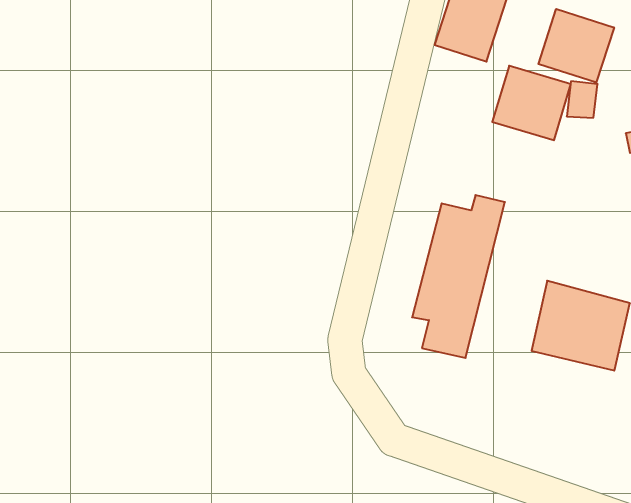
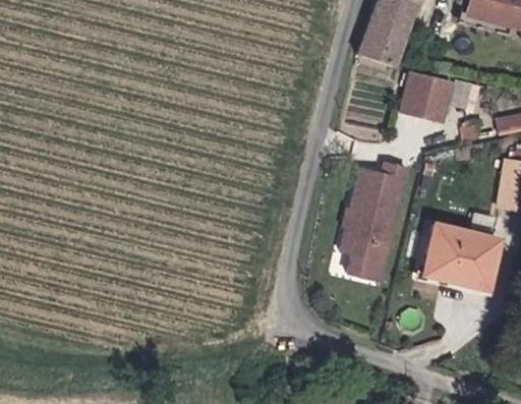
building: [538,9,614,82] -> none

